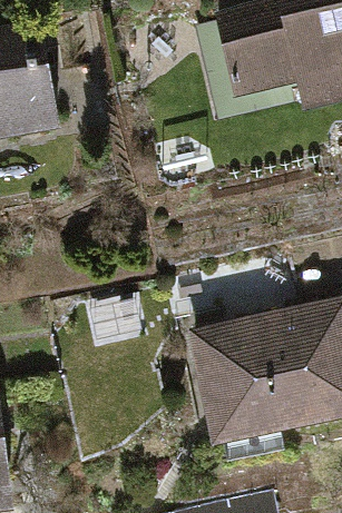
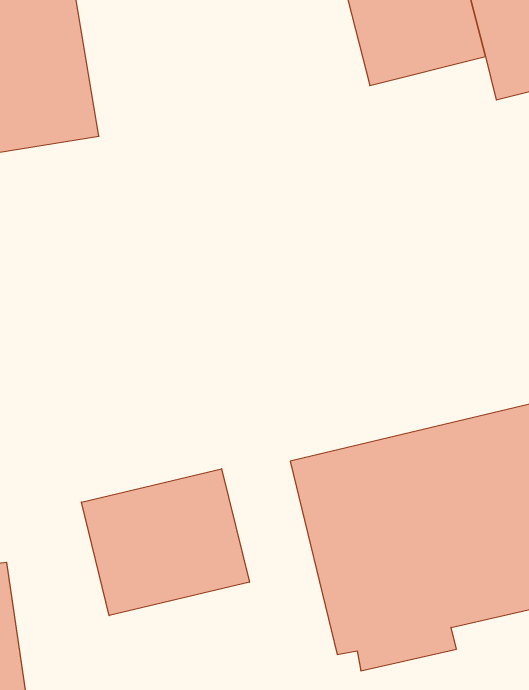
building: none -> [81,469,249,616]

